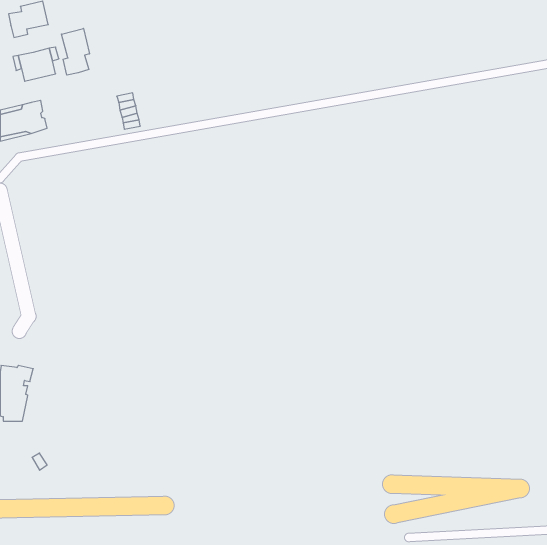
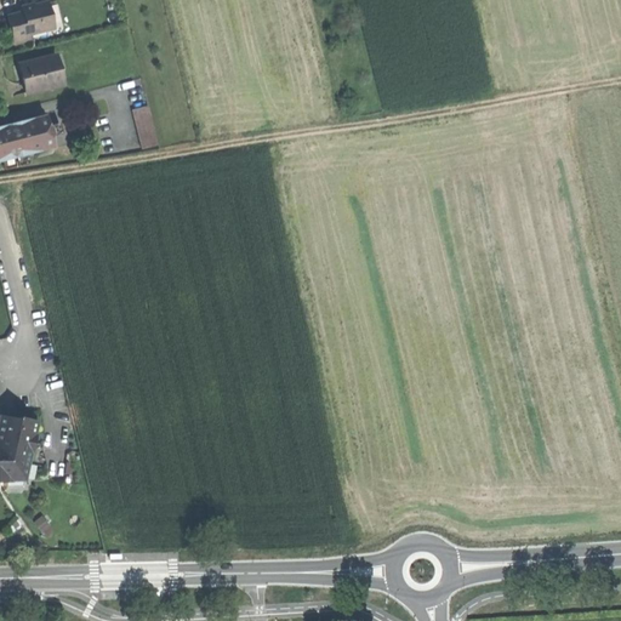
building: [61,28,89,75] -> none

